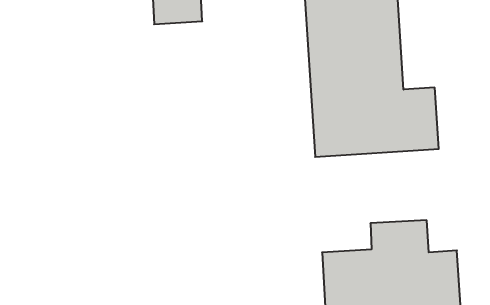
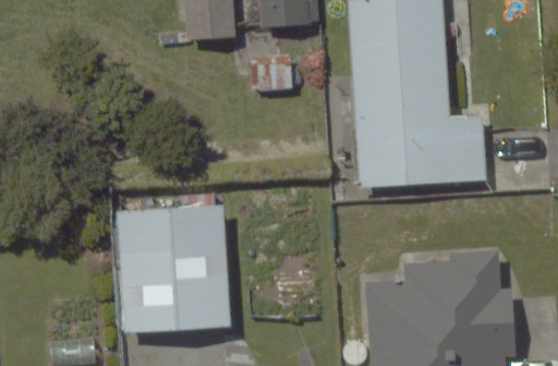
building: none -> [116,202,229,332]

